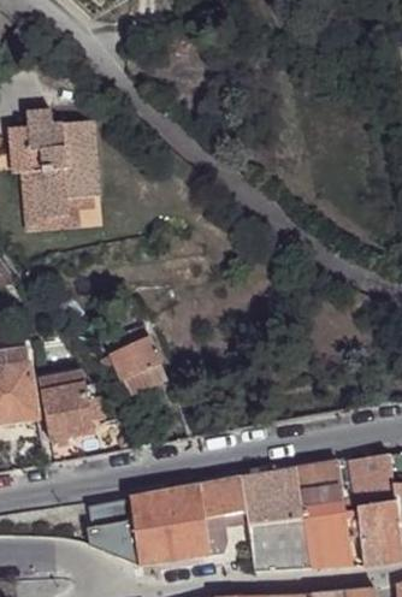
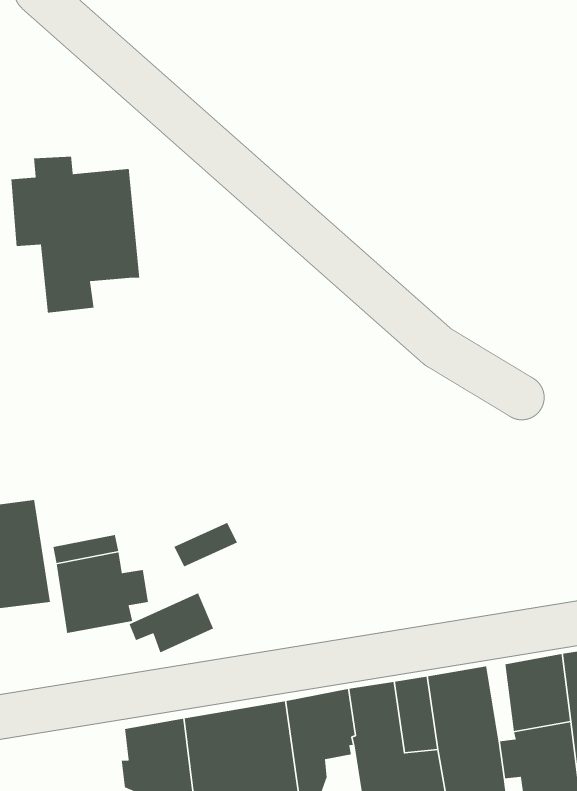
building: [23,172,94,230] -> none
building: [101,337,160,379] -> [128,592,214,653]

